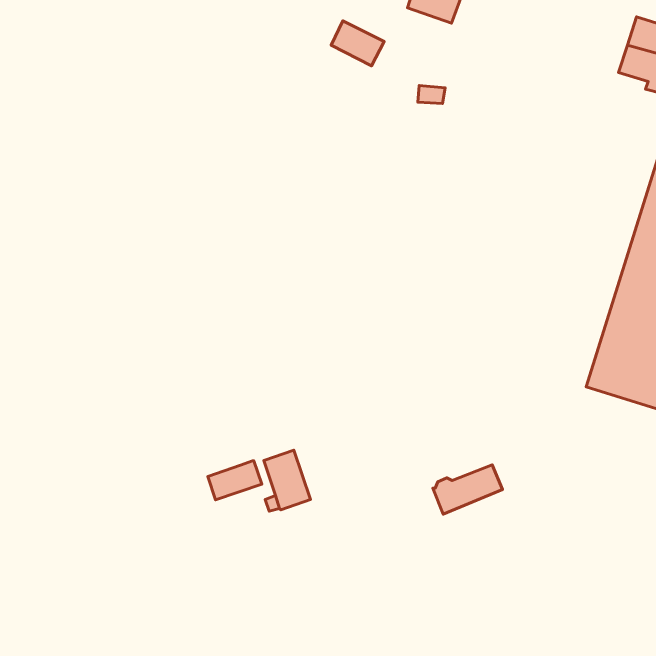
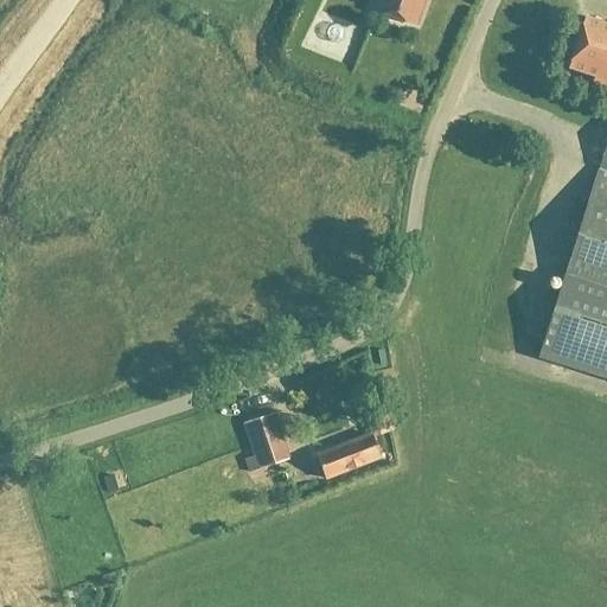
building: [208,461,262,500] -> none
building: [433,465,503,514] -> [319,432,383,477]

